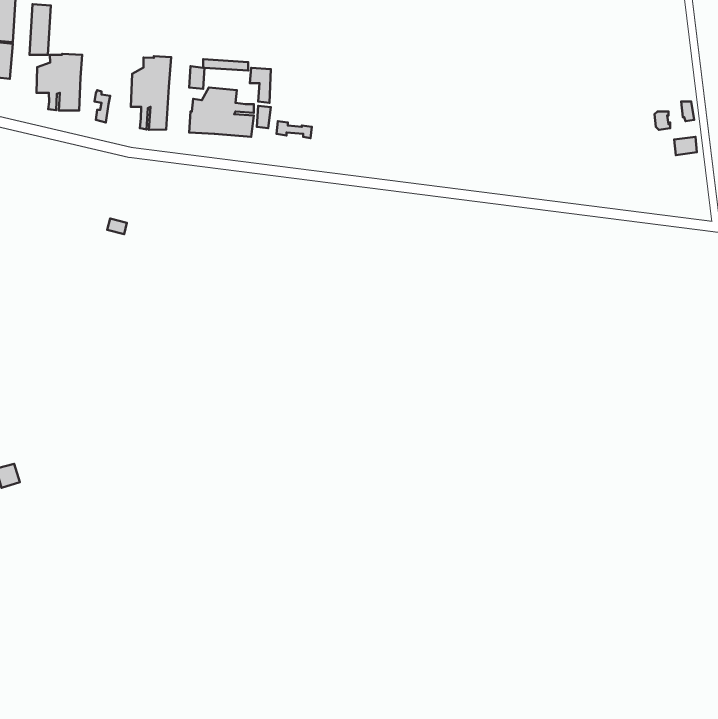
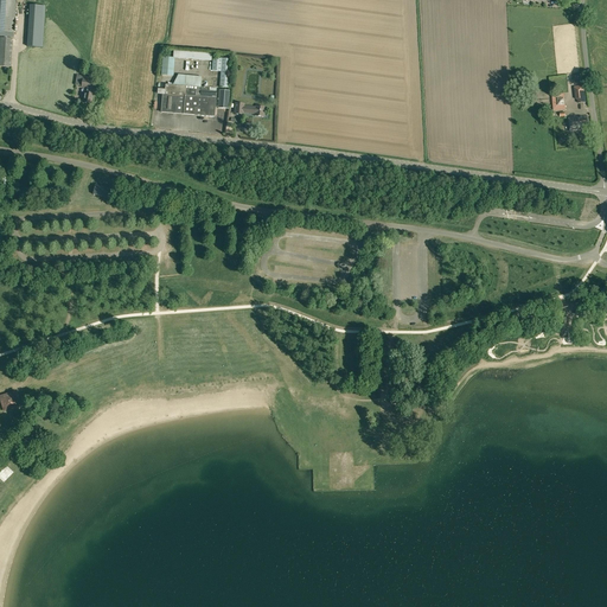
building: [37,54,82,111] -> none
building: [131,56,171,130] -> none

